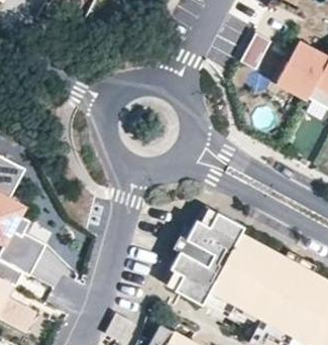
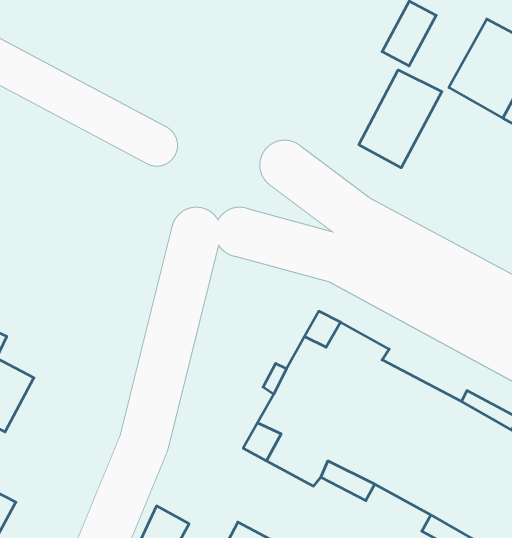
building: none -> [359,70,442,168]

